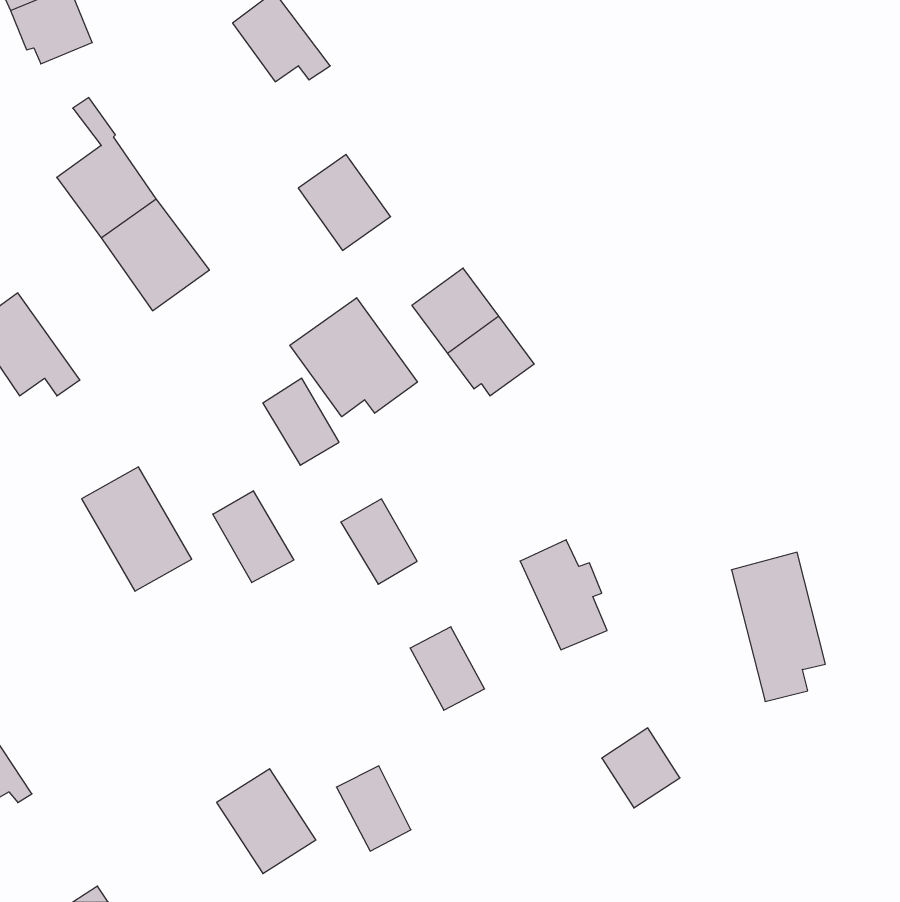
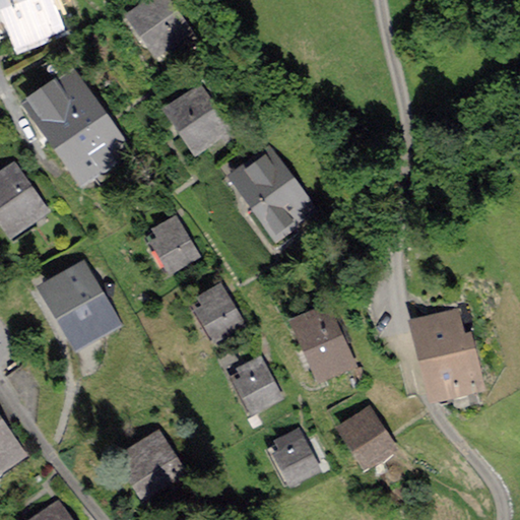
building: [290,298,417,417] -> none
building: [213,491,294,583] -> none
building: [336,766,411,851] -> [272,431,315,479]

